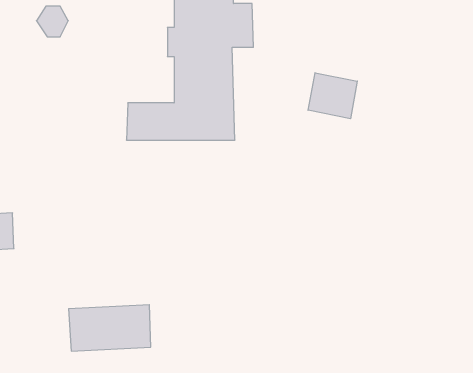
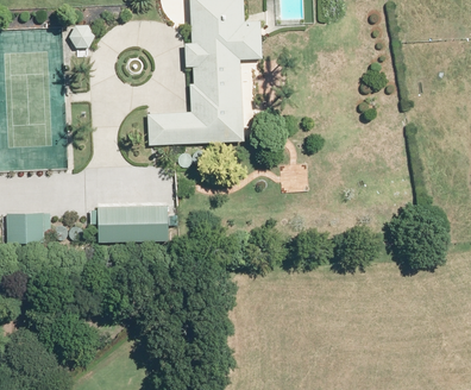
building: [308,73,357,119] -> none
building: [69,305,151,351] -> [96,203,170,245]

